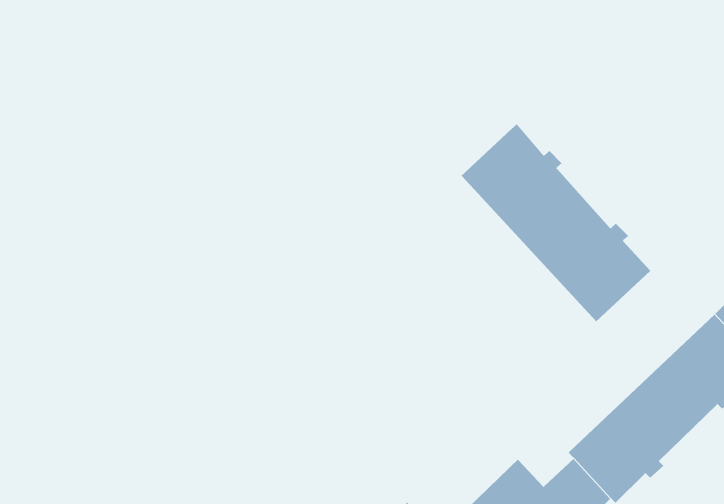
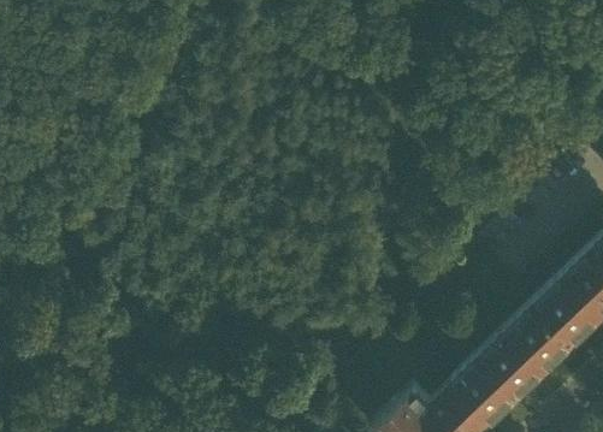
building: [460,124,651,322] -> none

